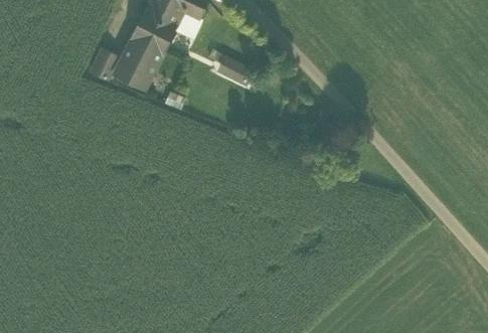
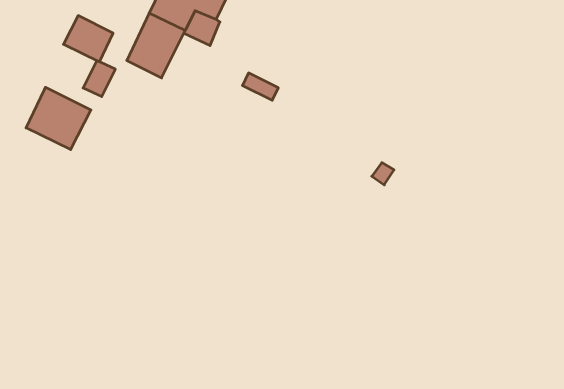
building: [114,50,154,88] -> [63,16,113,62]
building: none -> [26,87,91,150]

